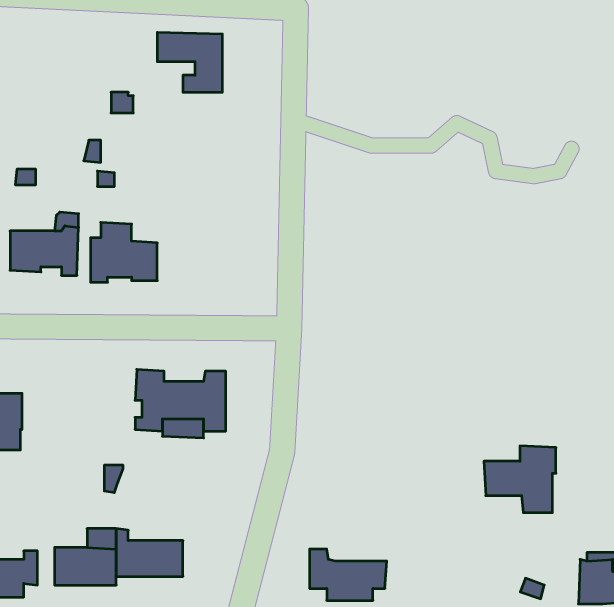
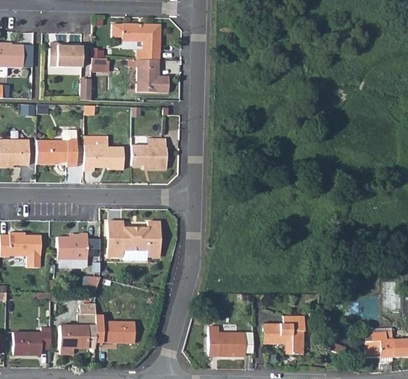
building: none -> [47,42,80,67]
building: none -> [136,59,167,92]
building: none -> [130,138,165,168]
building: none -> [58,233,88,268]
building: [484,446,556,513] -> [264,315,306,354]

